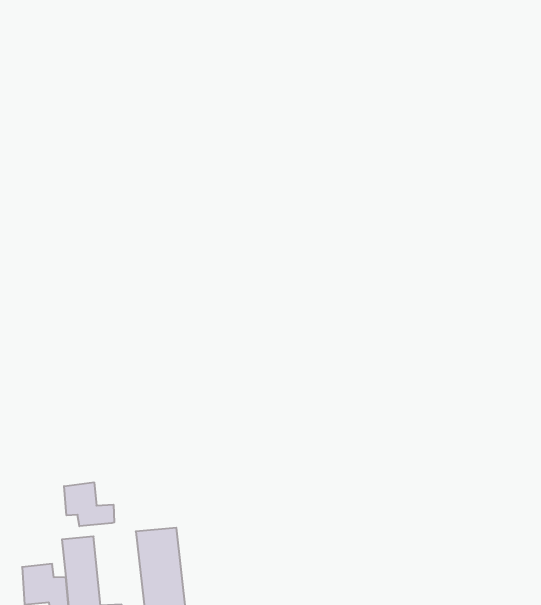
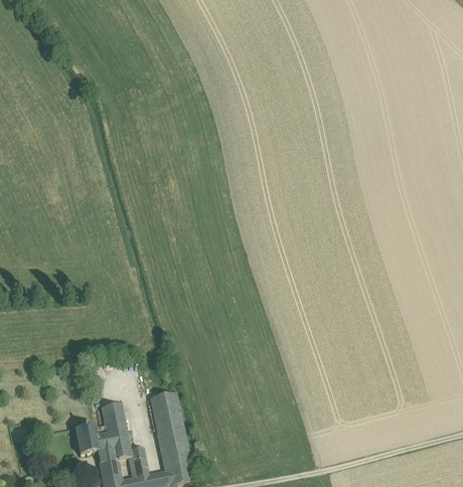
building: [64,482,114,526] -> none

